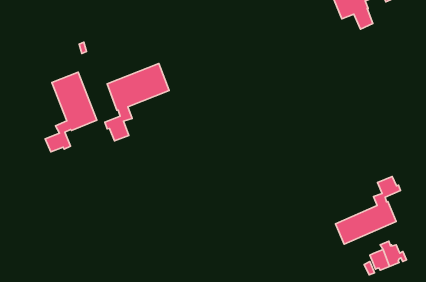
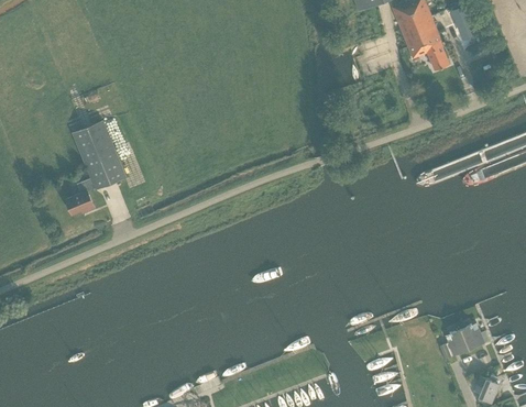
building: [105,64,169,141] -> none
building: [335,177,401,244] -> none

